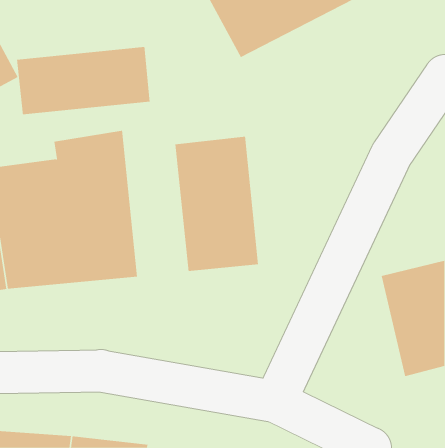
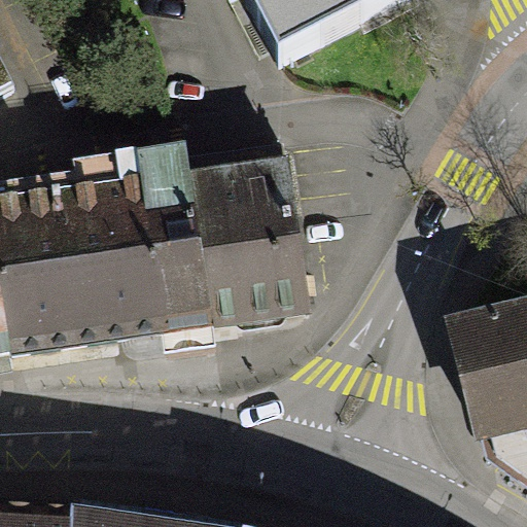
building: [16,46,150,115] -> none
building: none -> [144,146,220,324]

